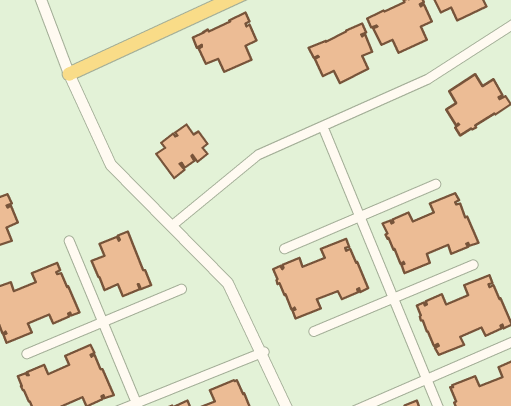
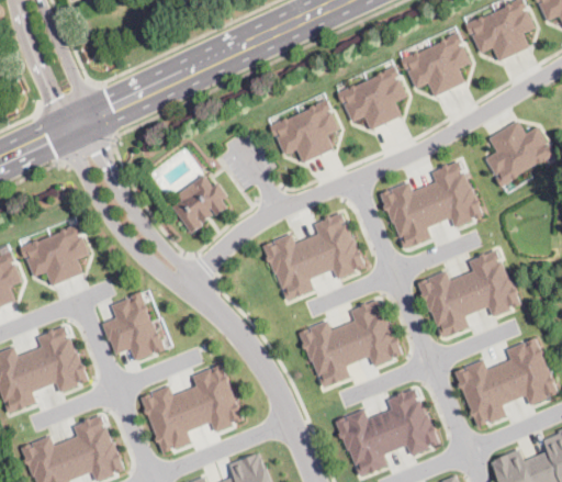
building: [193,12,256,72] -> [270,99,339,164]
building: none -> [380,161,484,248]
building: none -> [262,213,366,300]
building: none -> [19,223,89,287]
building: none -> [139,365,245,455]
building: none -> [335,389,439,475]

